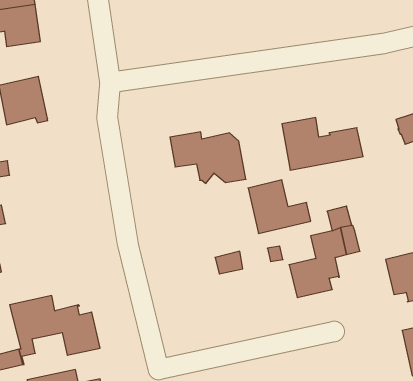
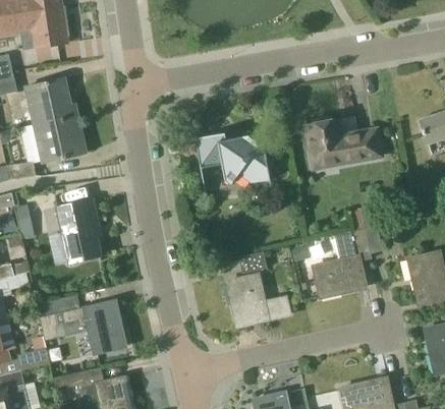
building: none -> [33,119,86,163]
building: [248,180,311,233] -> [227,274,289,327]
building: none -> [57,200,100,262]

